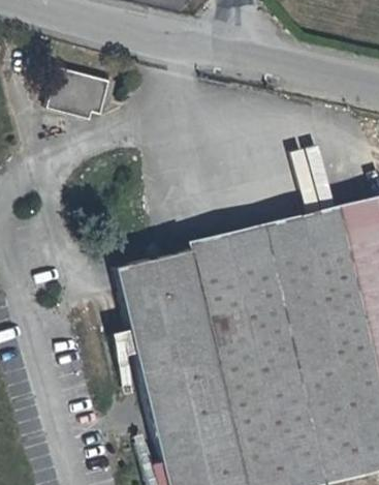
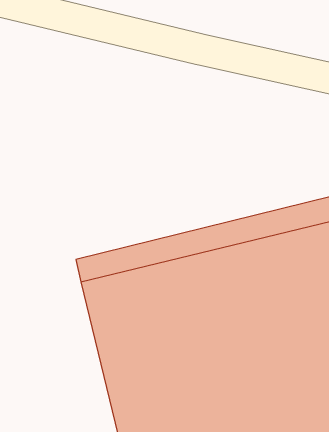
building: [53,68,114,115] -> none

